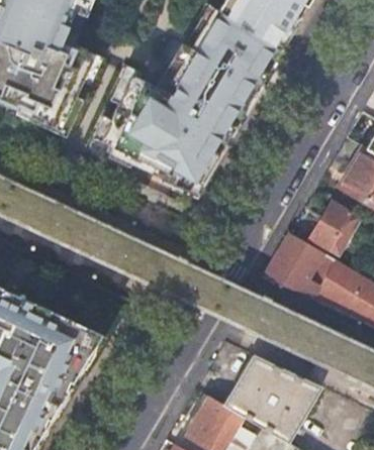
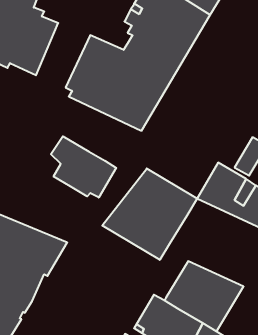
building: none -> [51,136,116,198]
building: none -> [102,168,197,260]

